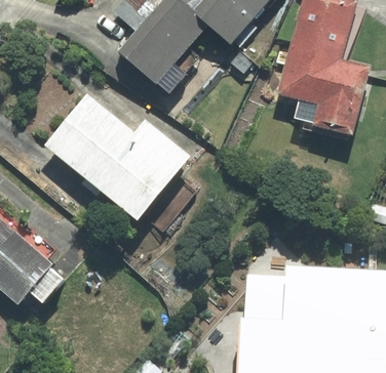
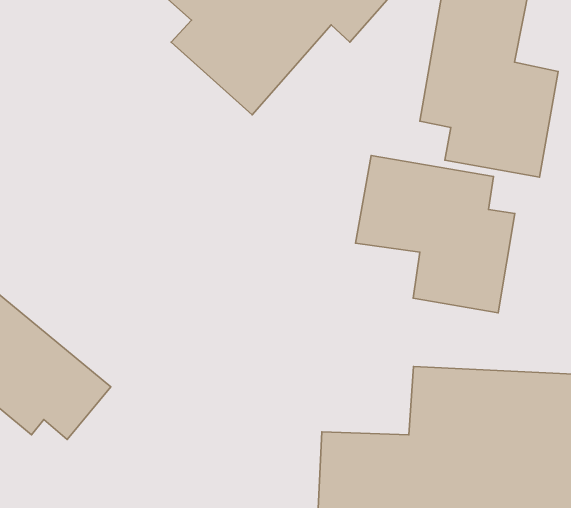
building: [50,98,197,238] -> none
building: none -> [355,155,515,313]

